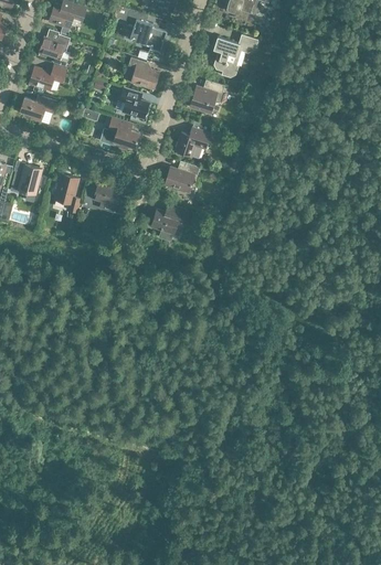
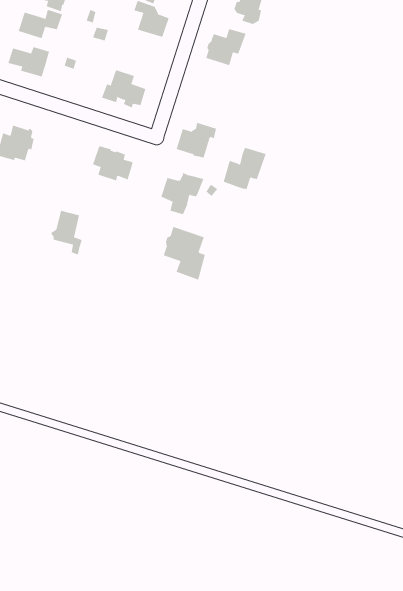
building: [118,86,148,118] -> none
building: [174,120,212,157] -> [223,147,266,190]
building: [52,173,80,212] -> [50,210,82,255]
building: none -> [163,226,206,280]

